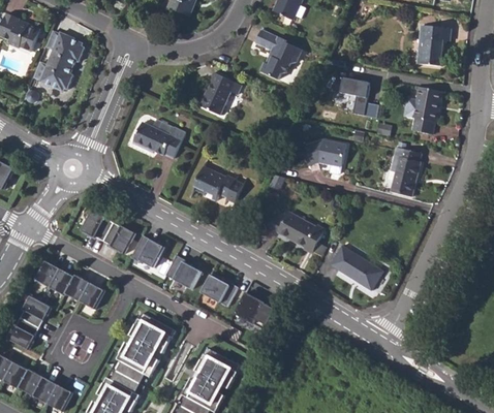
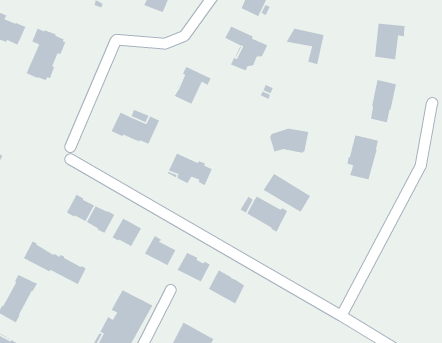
building: [328,74,370,115] -> [285,28,325,65]
building: [329,246,381,289] -> [262,173,311,213]

